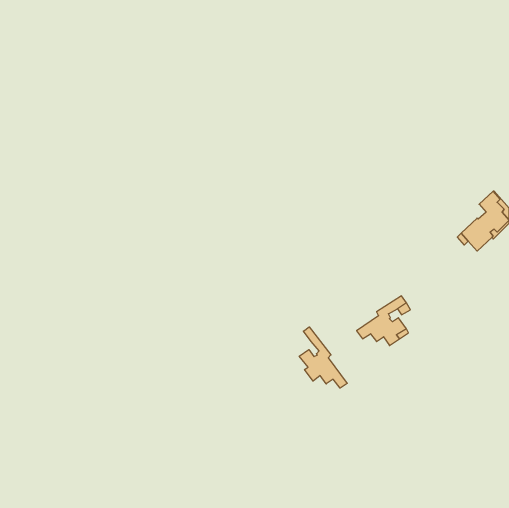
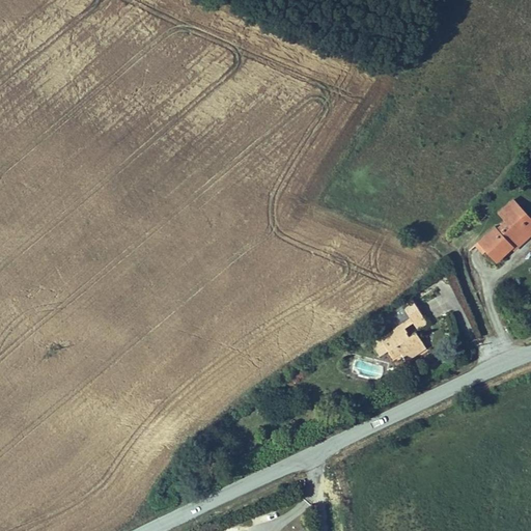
building: [299,327,347,388] -> none

